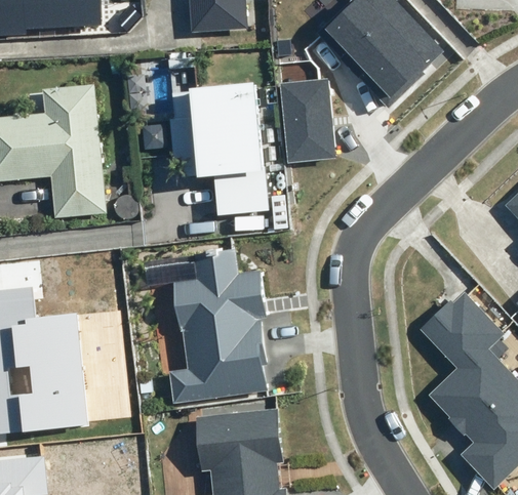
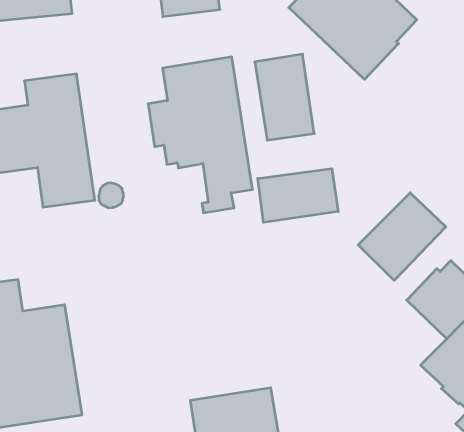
building: none -> [258,169,338,222]
building: none -> [358,193,446,280]
building: [168,251,268,403] -> none

